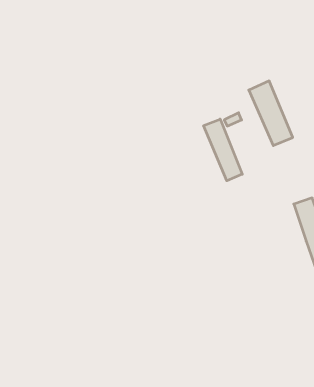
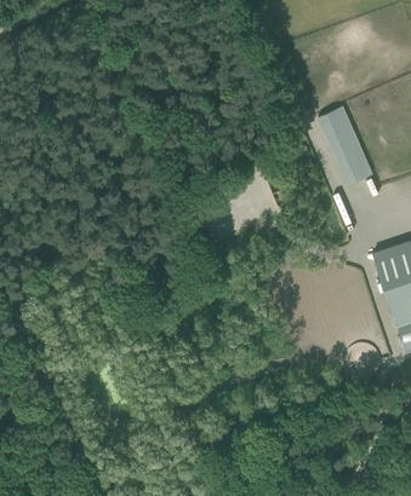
building: [204,119,242,181] -> none

